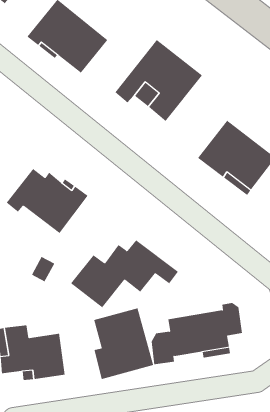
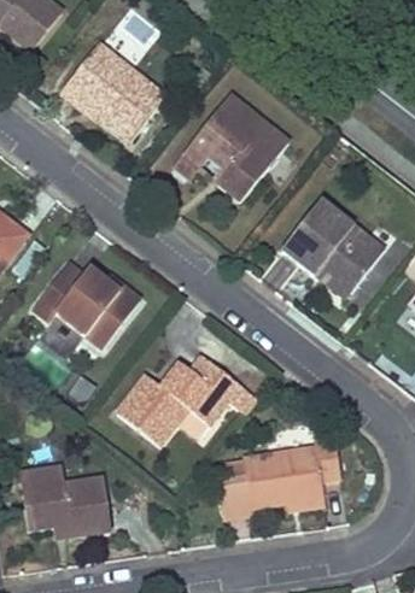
building: [93,307,154,380] -> none

